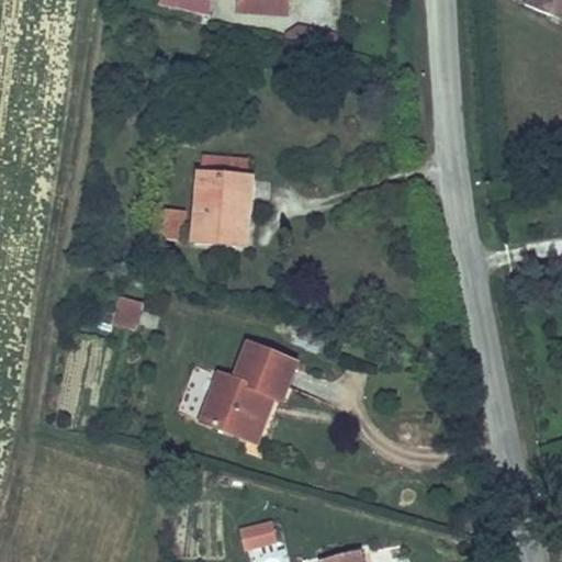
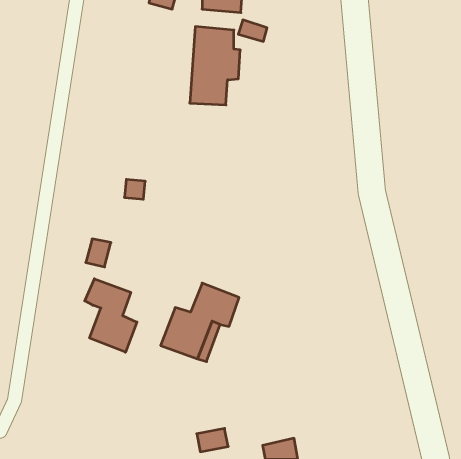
building: [200,154,261,249] -> [190,27,240,105]
building: none -> [85,279,137,352]

